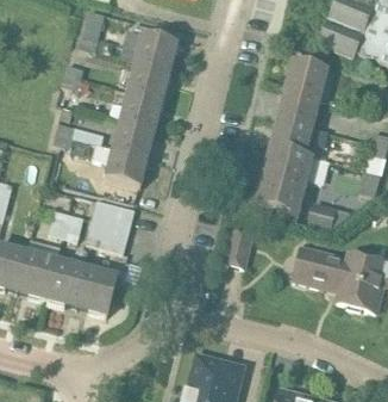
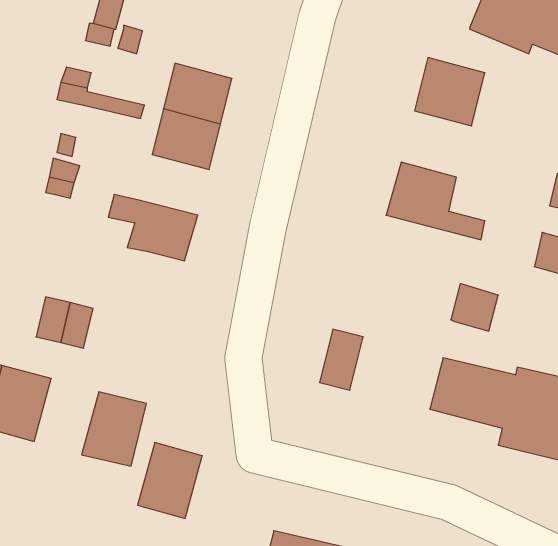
building: [134,32,179,72] -> none
building: [276,92,320,134] -> none
building: [112,119,156,157] -> none
building: [242,157,326,222] -> none
building: [86,199,134,252] -> none
building: [46,260,87,308] -> [138,442,202,518]

